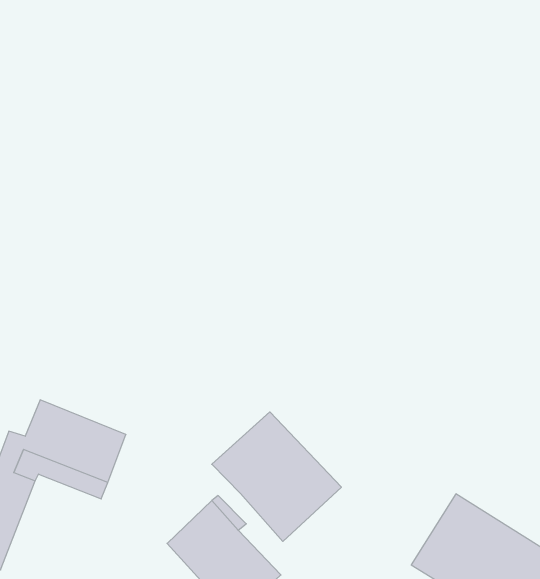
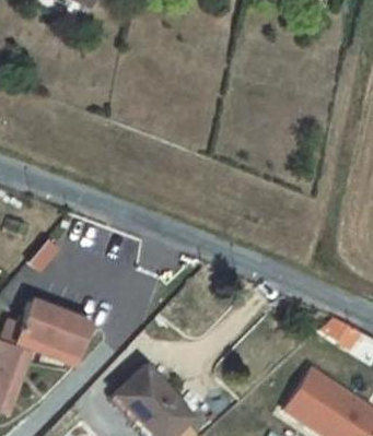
building: [212,412,341,541] -> none

